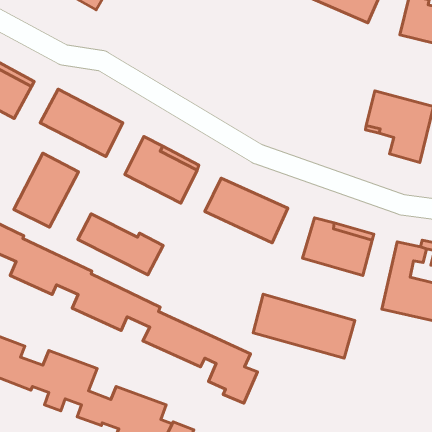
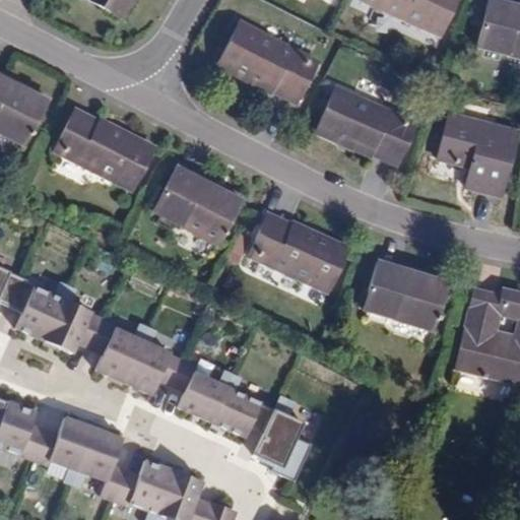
building: none -> [220,24,318,101]
building: none -> [318,88,415,164]
building: [14,153,78,227] -> none
building: [78,214,163,275] -> none
building: [253,294,355,358] -> none

